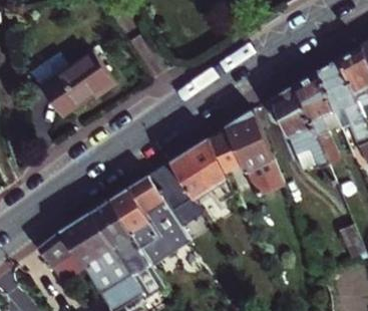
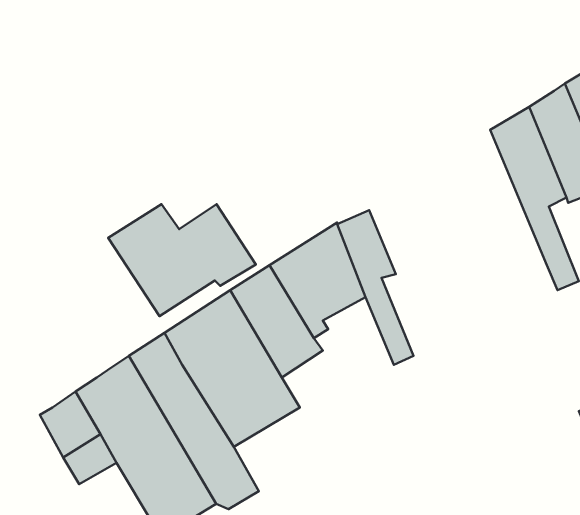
building: [33,51,116,114] -> [108,204,256,316]
building: [268,84,336,187] -> none
building: [226,110,282,199] -> none

